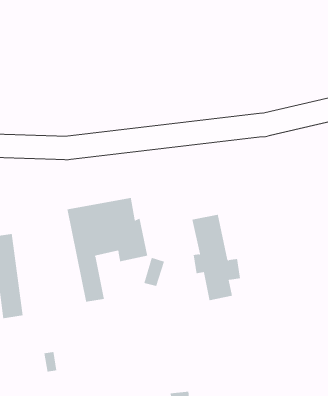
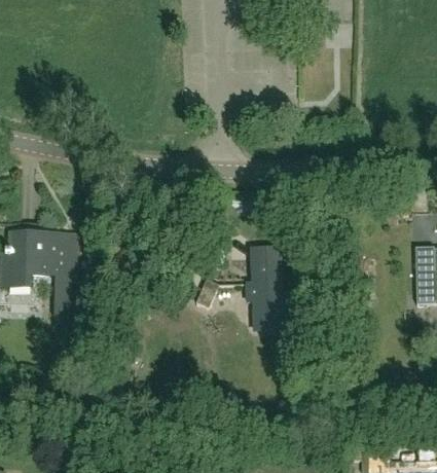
building: [67,197,148,302] -> none

